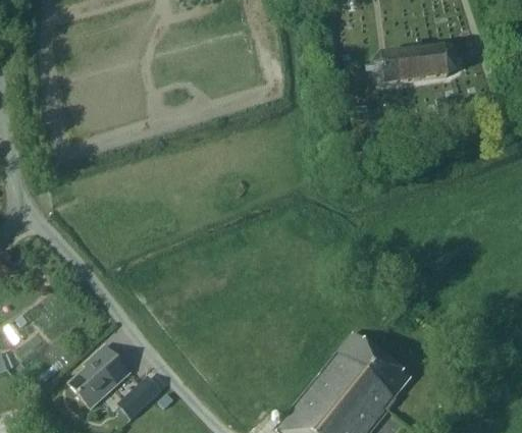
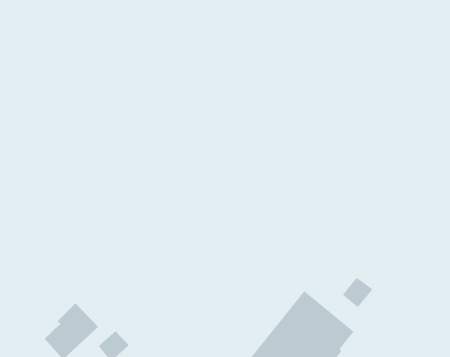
building: [371,46,460,84] -> none
building: none -> [342,277,373,308]

